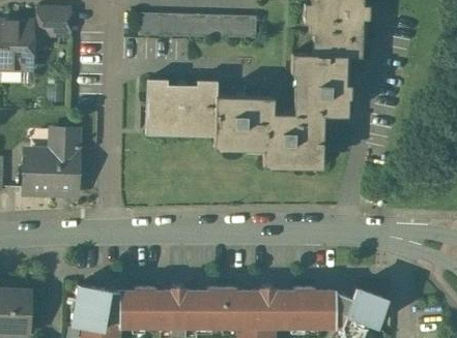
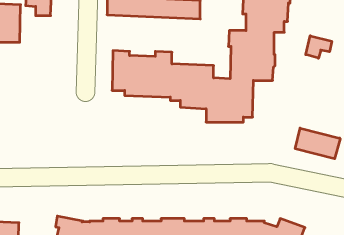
building: none -> [306,36,332,58]
building: [25,129,78,193] -> none
building: none -> [295,128,340,159]

